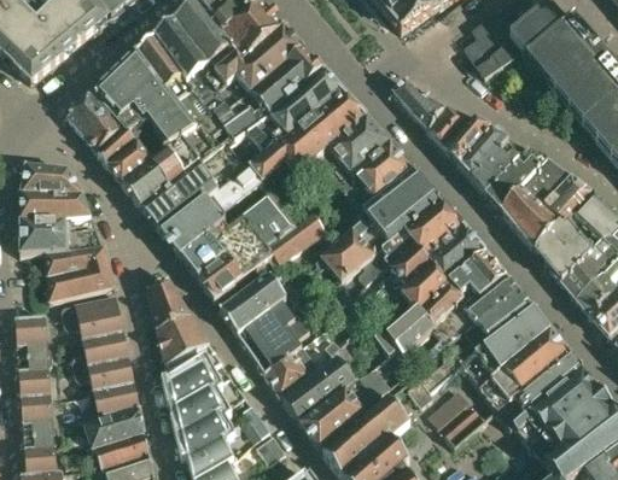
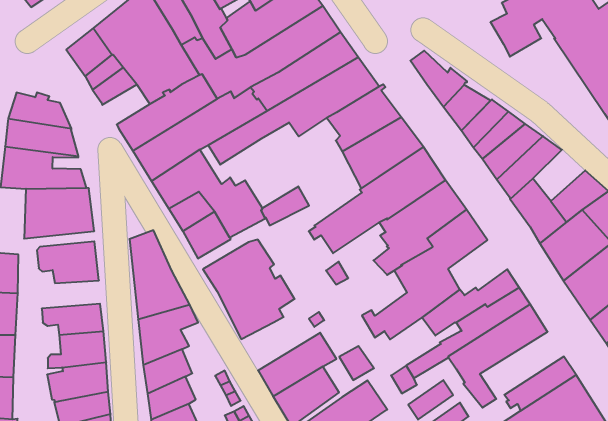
building: [107,142,152,182] -> none
building: [520,158,569,207] -> none
building: [235,191,299,245] -> none
building: [450,251,506,305] -> none
building: [71,330,127,363] -> none
building: [491,330,569,399] -> none
building: [263,351,308,394] -> none

